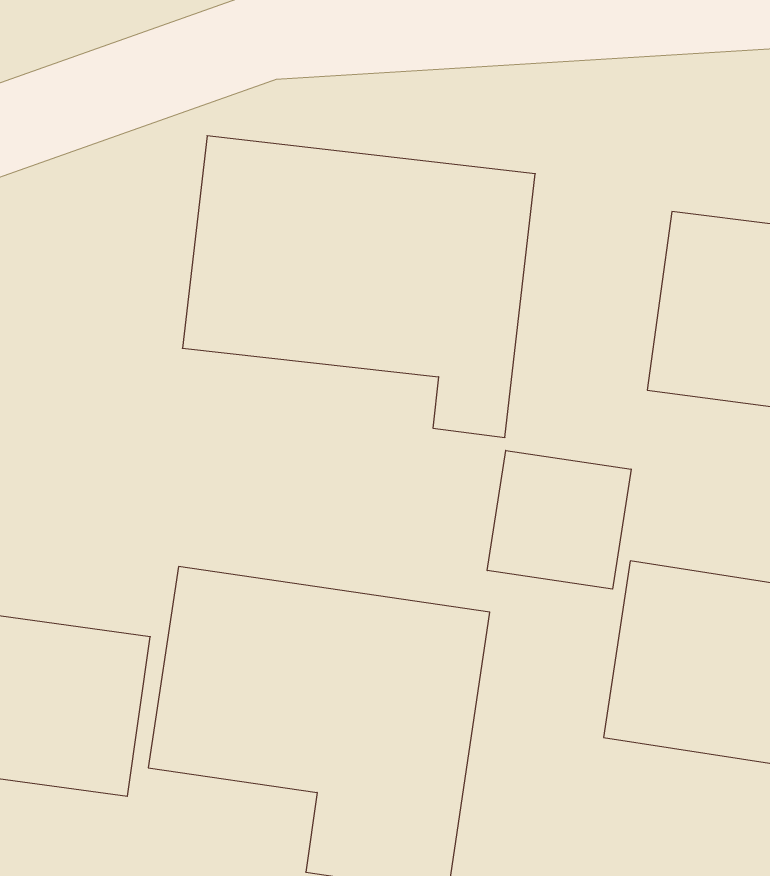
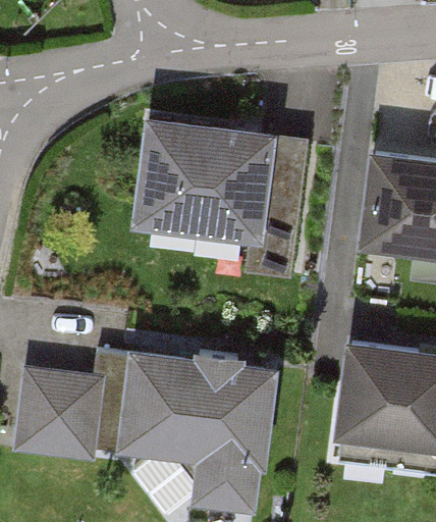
building: [487,450,631,589] -> none

